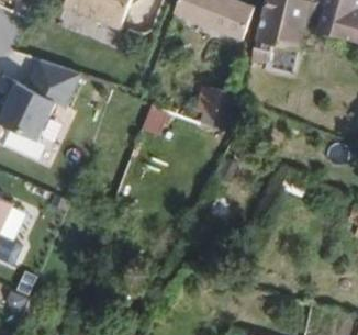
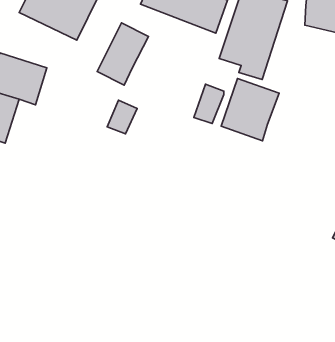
building: none -> [97,23,148,85]
building: none -> [221,79,279,141]

